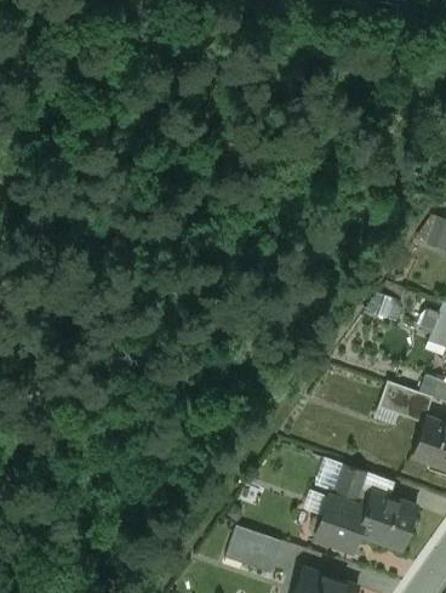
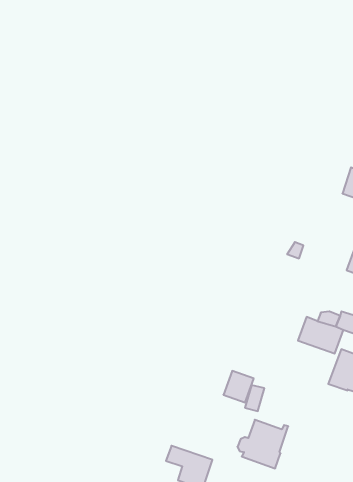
building: [334,466,368,501] -> [223,371,254,402]
building: [358,494,417,551] -> none

